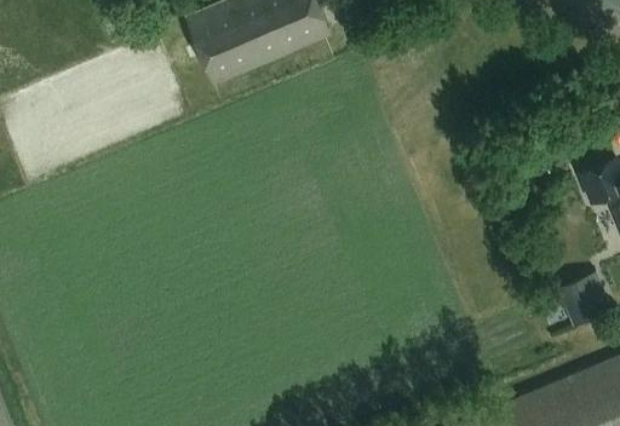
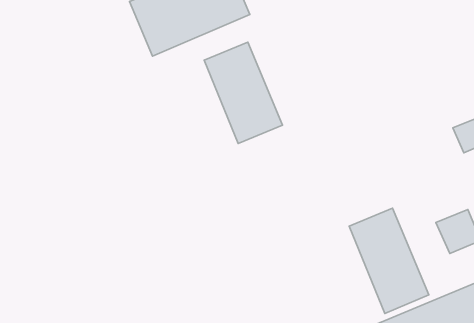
building: none -> [204,42,282,144]
building: none -> [349,208,429,313]

